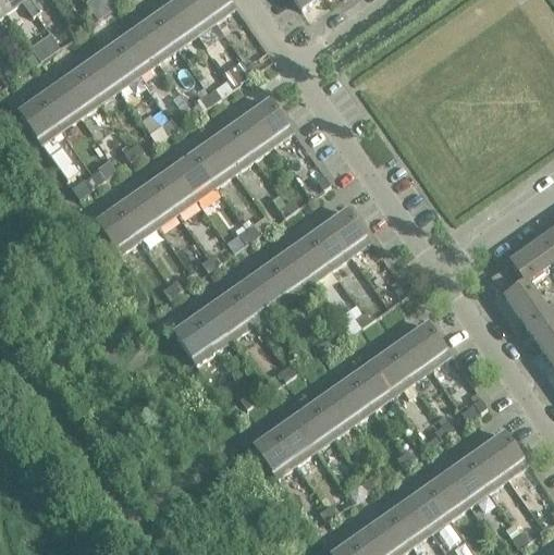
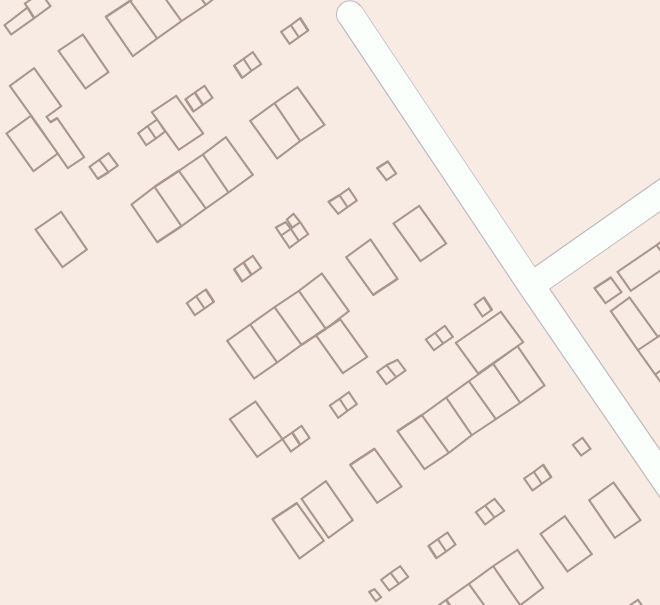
building: [77,53,118,98] -> none
building: [38,81,79,125] -> [7,116,58,171]
building: [250,96,292,140] -> none
building: [193,137,234,181] -> [152,96,203,150]
building: [96,205,137,249] -> [36,212,87,267]
building: [309,220,349,264] -> none
building: [270,247,311,291] -> [316,319,367,373]
building: none -> [456,312,523,373]
building: [173,314,216,359] -> [230,402,283,457]
building: [312,387,353,432] -> none
building: [273,415,315,459] -> [272,503,324,558]
building: [466,443,506,486] -> none
building: [428,470,468,514] -> none

